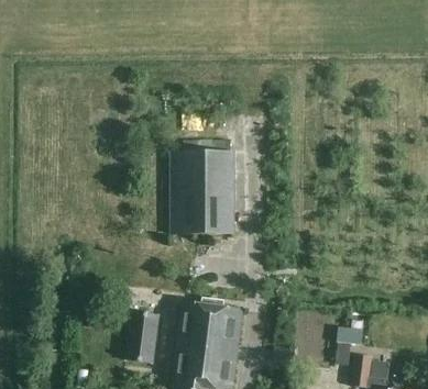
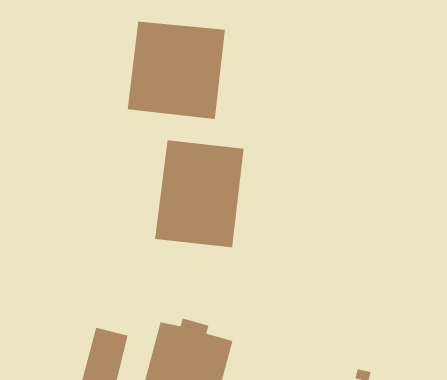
building: none -> [127,21,226,120]

